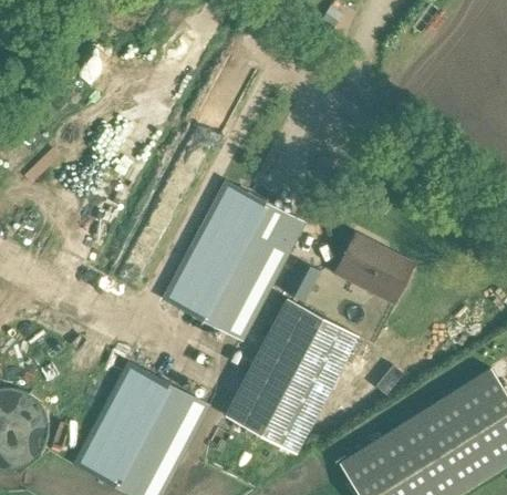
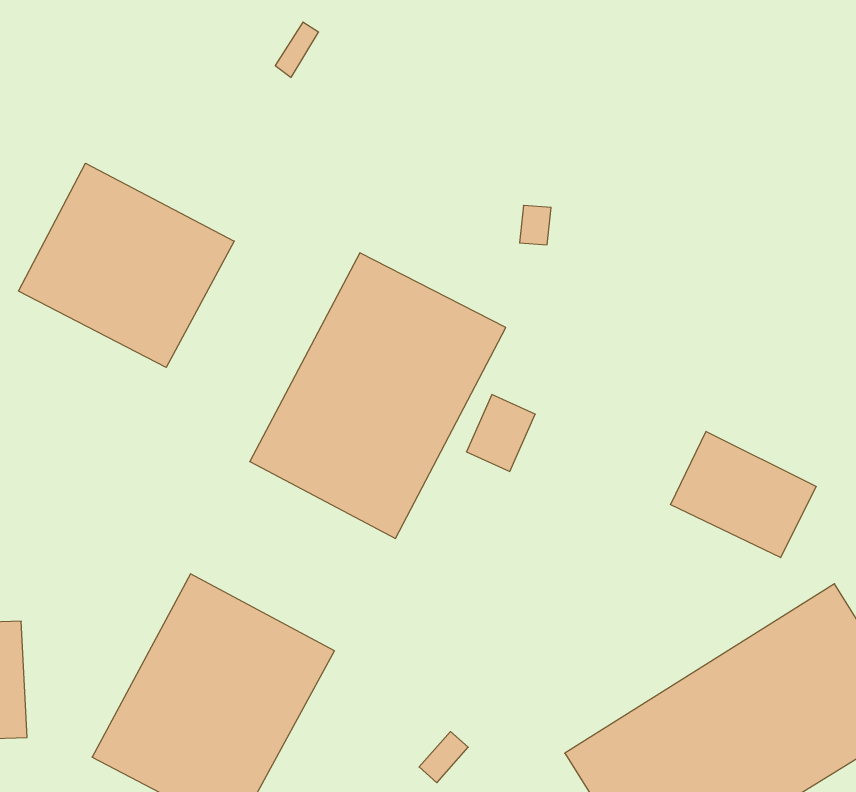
building: none -> [18,163,234,367]
building: [334,235,416,306] -> [670,431,816,558]
building: [223,299,355,454] -> none

